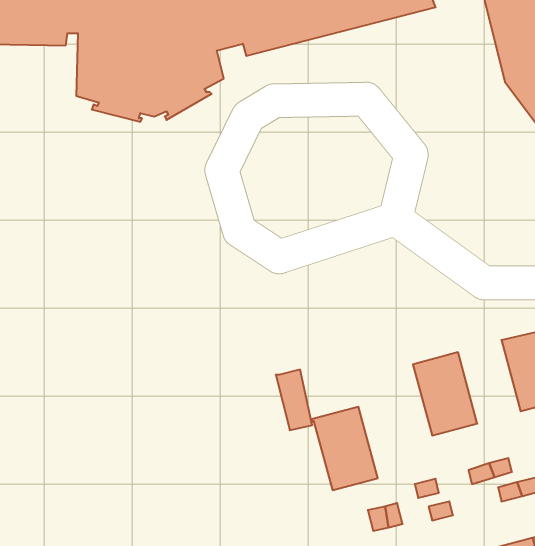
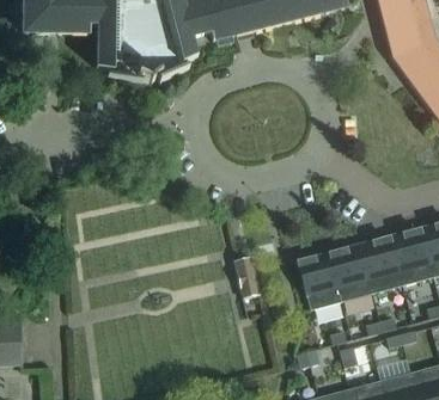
building: none -> [360,235,403,293]
building: [312,407,378,490] -> [297,252,342,309]

